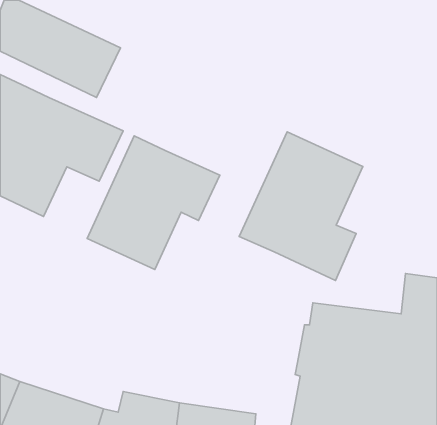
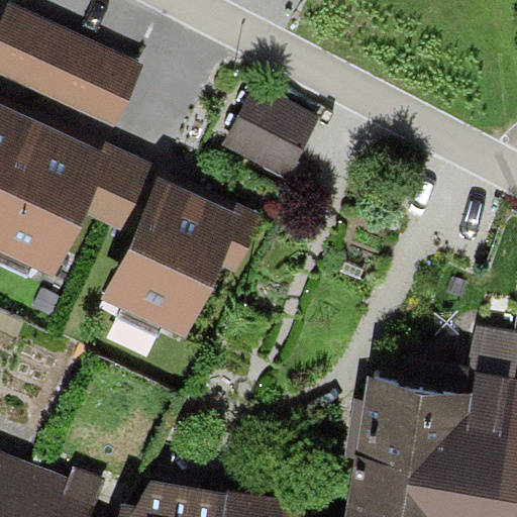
building: none -> [223,94,315,181]
building: [239,132,363,280] -> none

